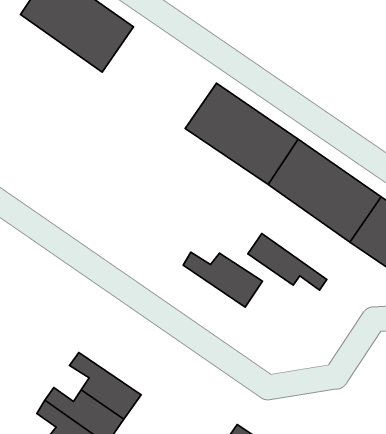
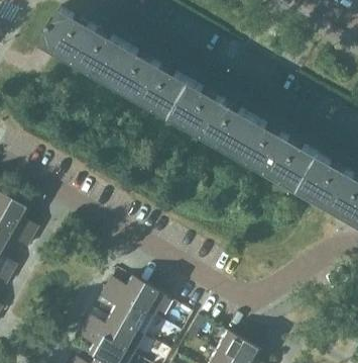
building: none -> [105,47,190,118]
building: [248,234,327,290] -> none
building: [183,252,263,307] -> [105,279,164,317]

